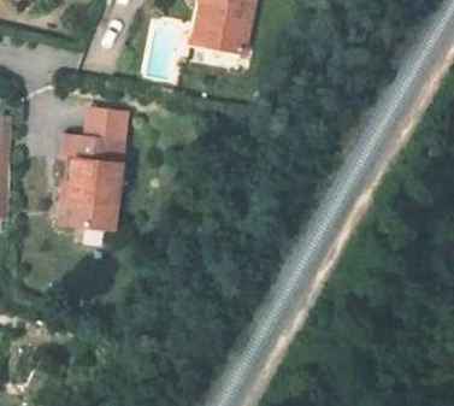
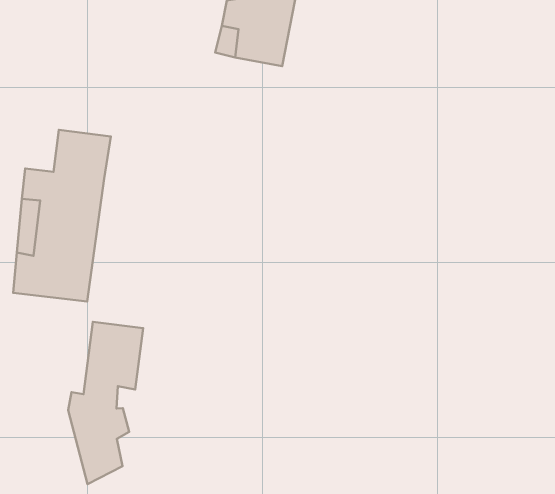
building: none -> [68,322,143,484]

